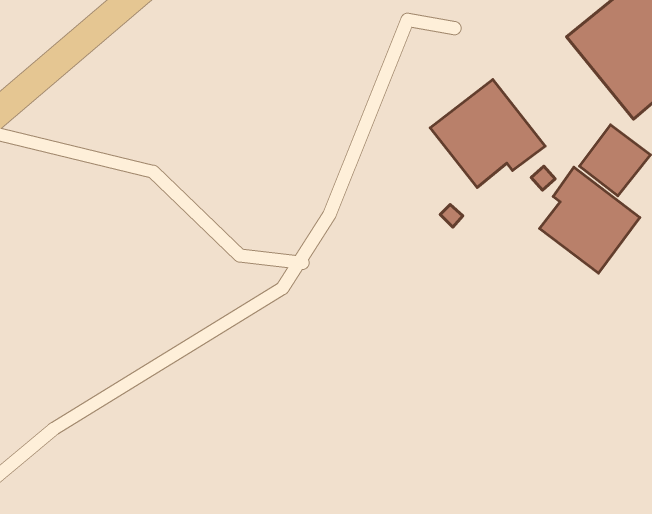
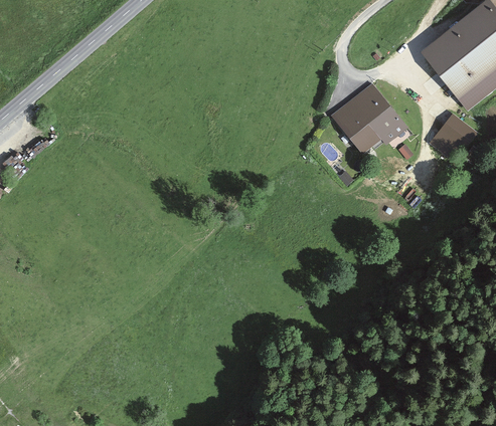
building: [539,167,640,273] -> none

